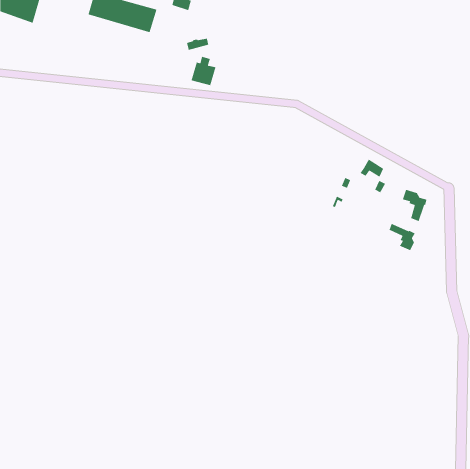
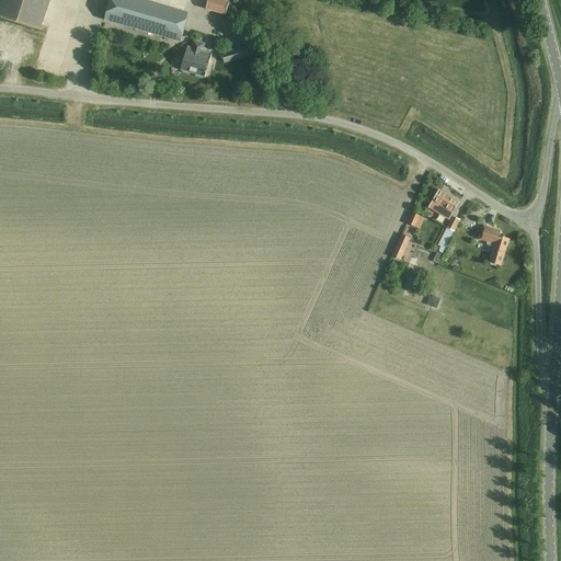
building: [191,56,216,86] -> [180,38,210,75]
building: [388,223,416,251] -> none

